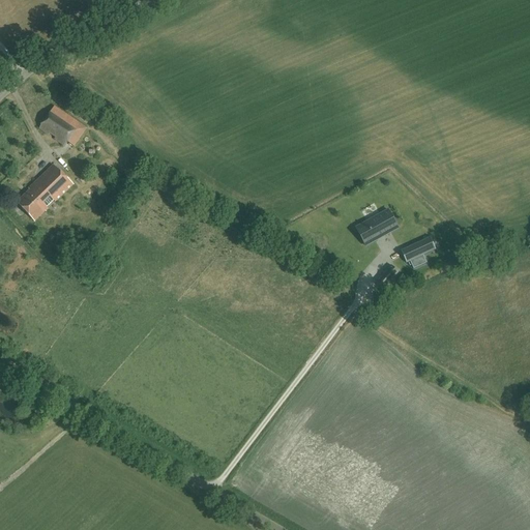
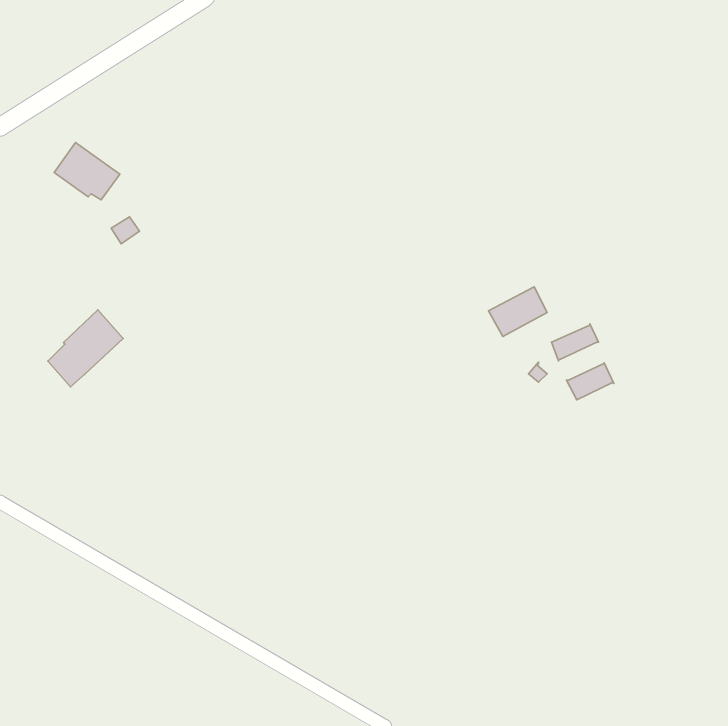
building: [18,163,72,218] -> [48,310,123,387]
building: none -> [566,363,614,400]

